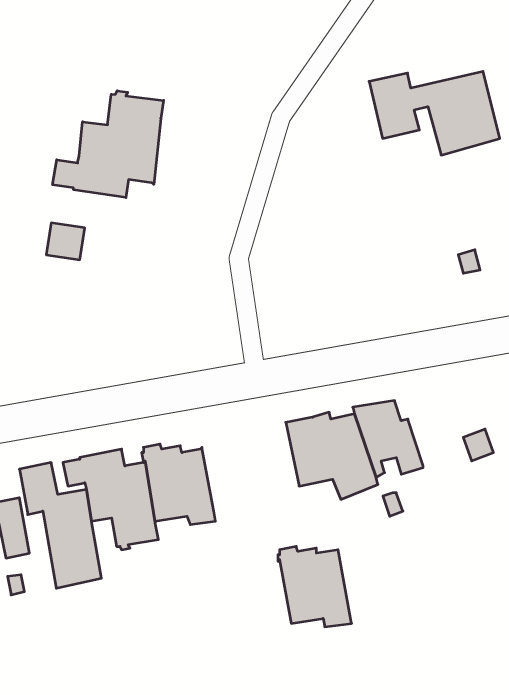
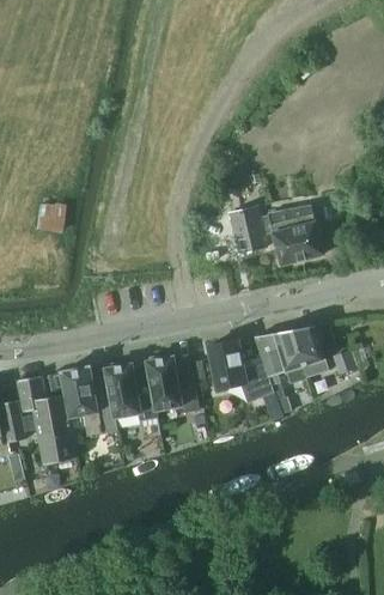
building: [369,71,500,155] -> [230,206,323,266]
building: [53,91,164,198] -> none
building: none -> [285,324,335,378]
building: [278,546,352,627] -> [146,356,199,413]

